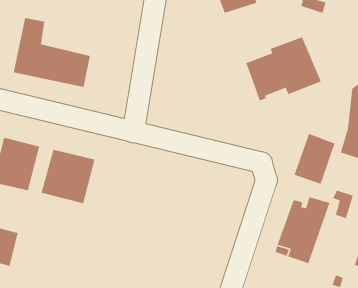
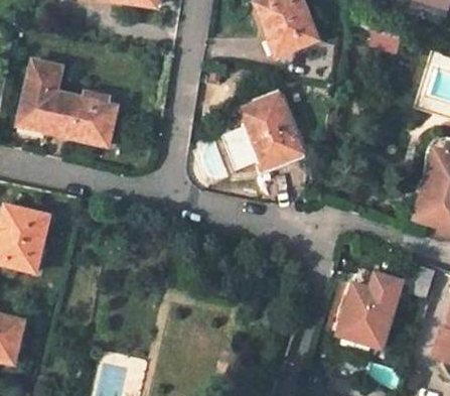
building: [245,36,322,101] -> [211,94,304,172]
building: [294,133,336,185] -> none
building: [41,149,95,204] -> none

